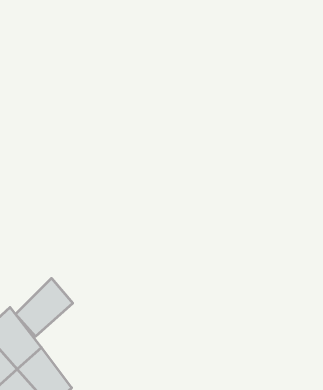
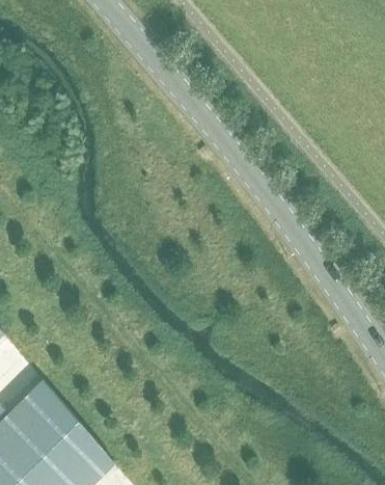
building: [16,278,73,336] -> none

